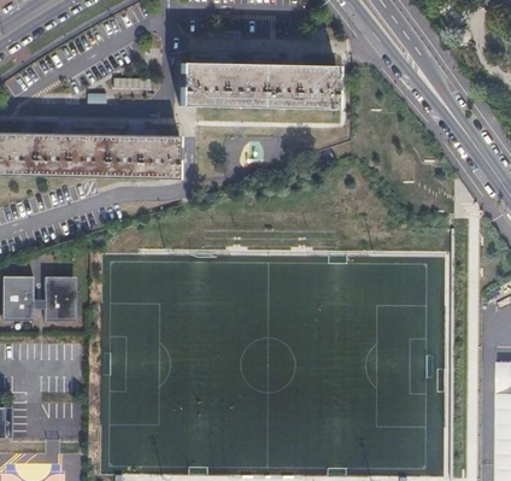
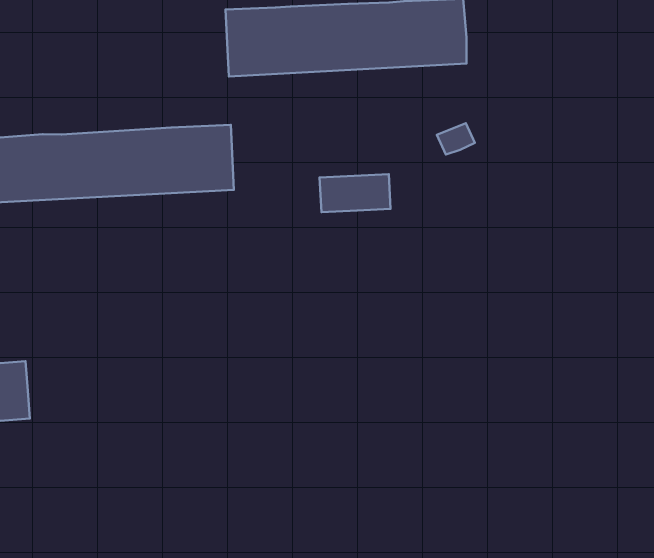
building: none -> [320,174,391,212]
building: [45,278,74,317] -> none

